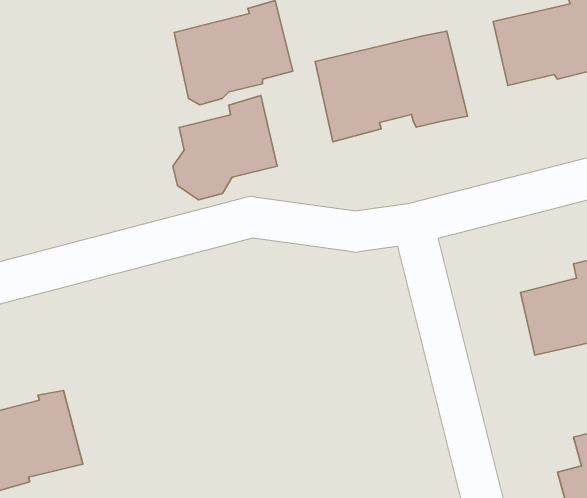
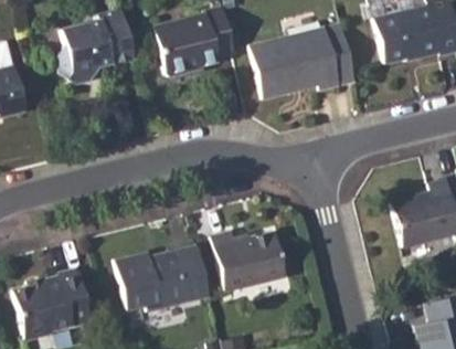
building: [173,95,277,200] -> [60,7,131,78]
building: none -> [213,232,287,292]
building: none -> [117,247,209,311]

